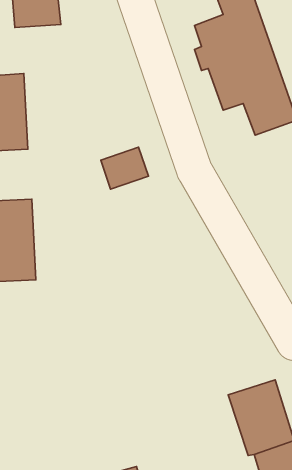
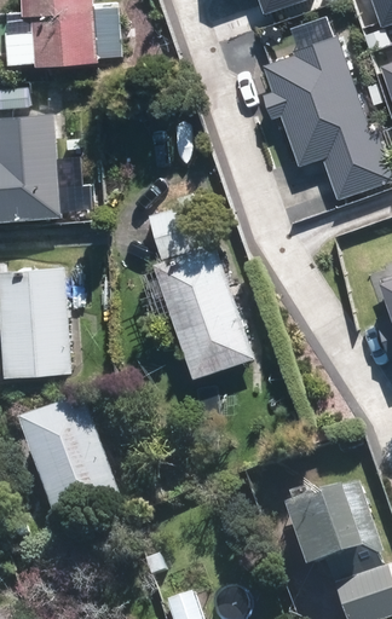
building: none -> [161,251,250,375]
building: none -> [31,409,116,527]

